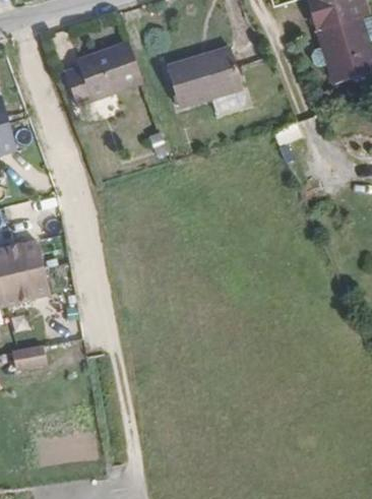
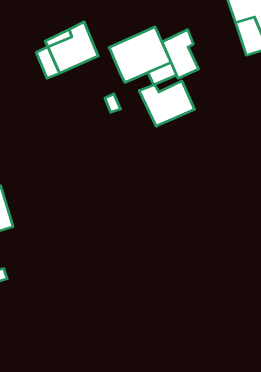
building: none -> [162,30,198,78]
building: none -> [139,81,195,126]

